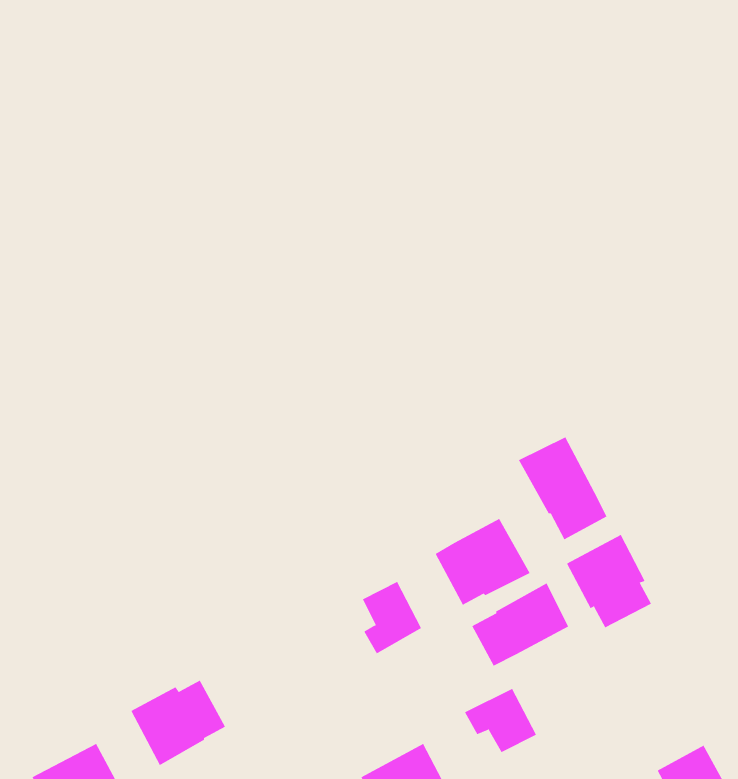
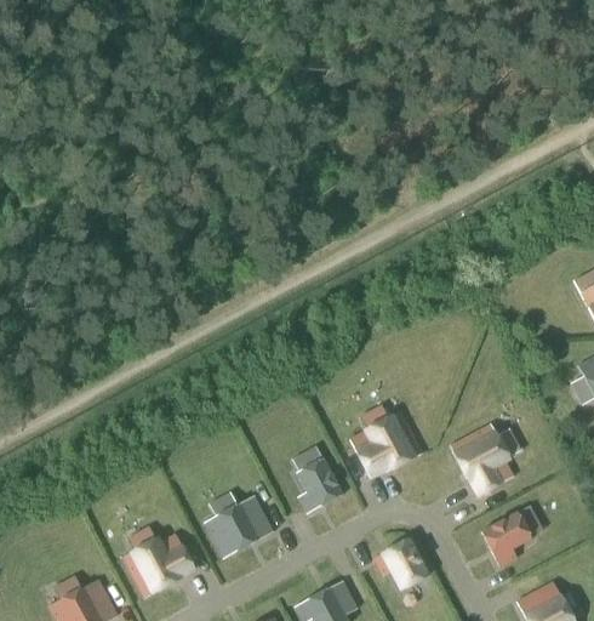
building: [518,437,607,540] -> none
building: [471,583,569,667] -> none
building: none -> [206,495,274,557]
building: none -> [481,512,532,565]

